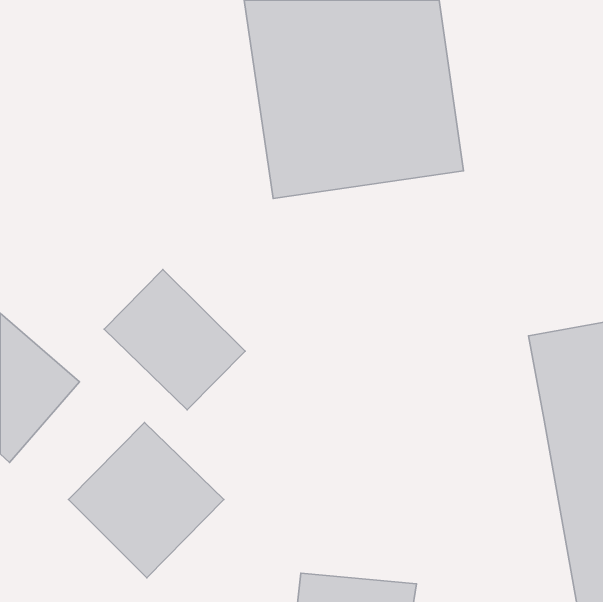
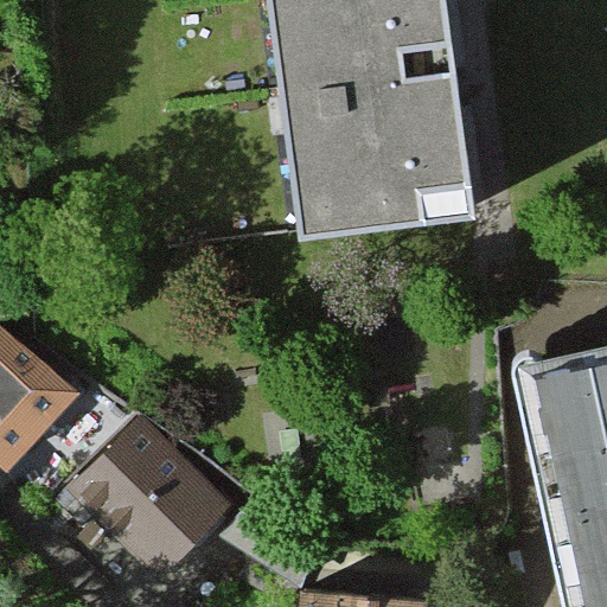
building: [104,269,245,410] -> none

